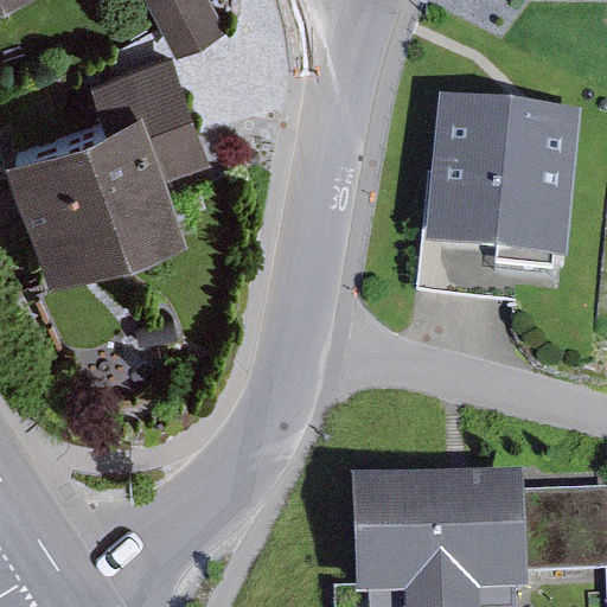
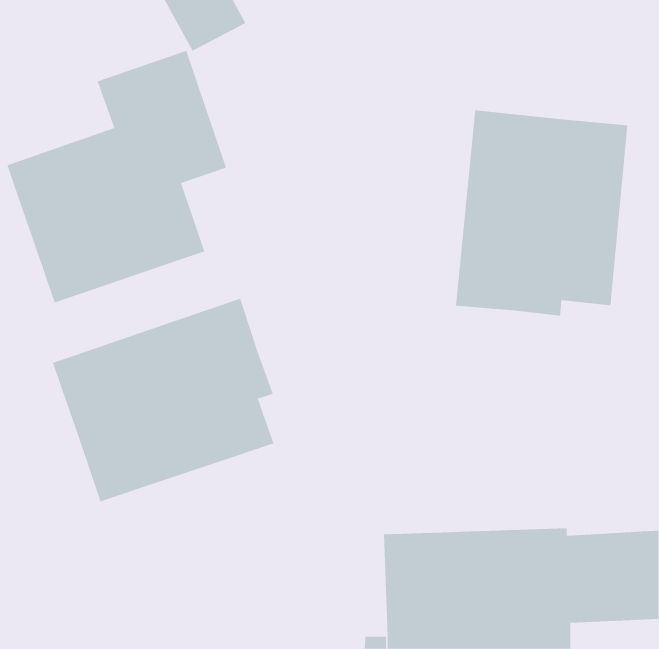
building: none -> [52,298,274,502]

